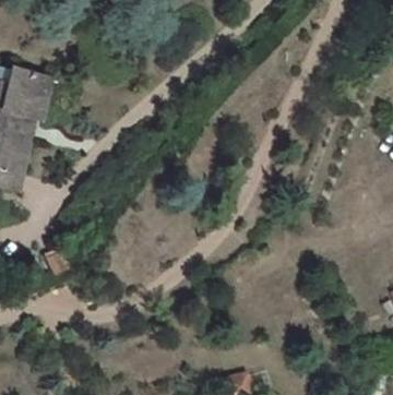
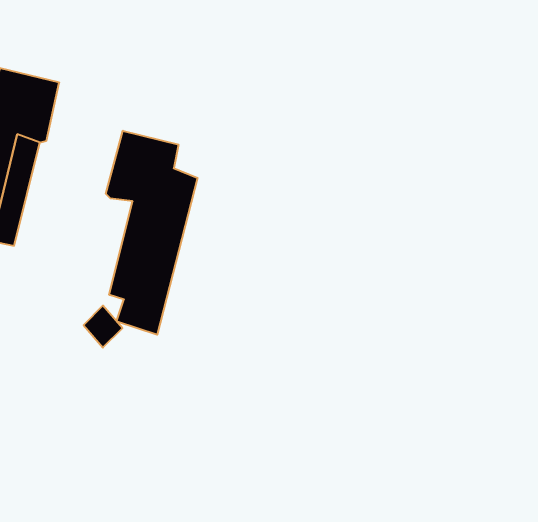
building: none -> [106,131,198,335]

